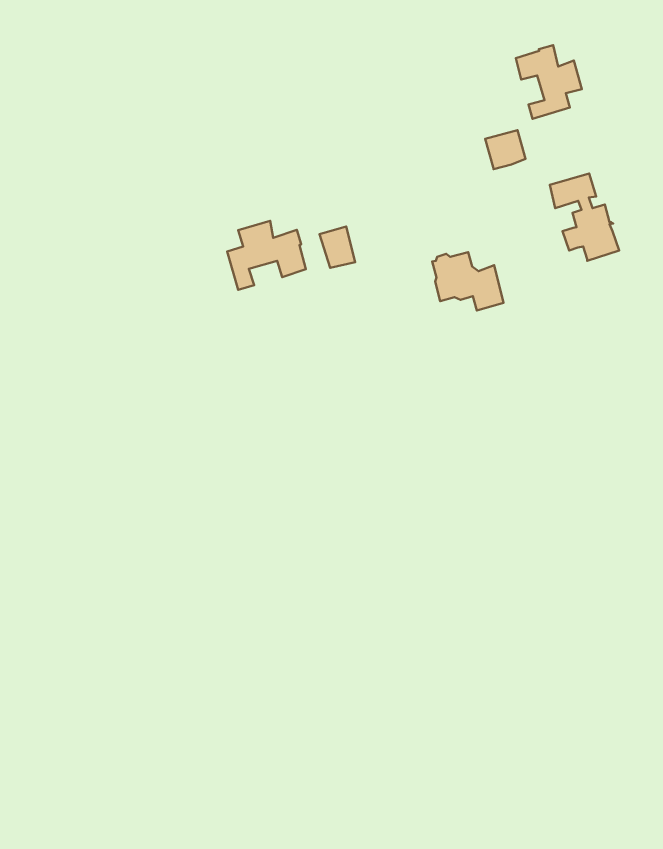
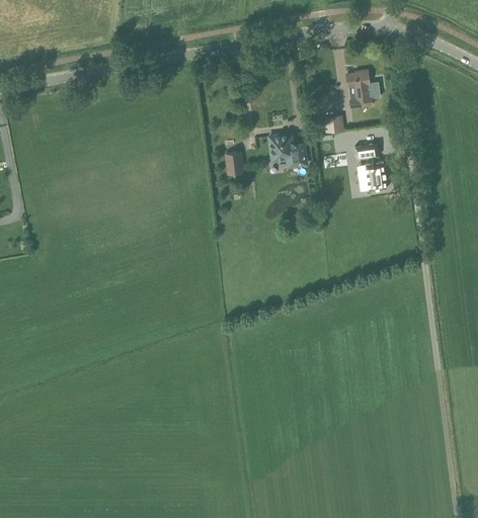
building: [227,221,306,290] -> none
building: [432,252,504,310] -> [270,133,306,166]

